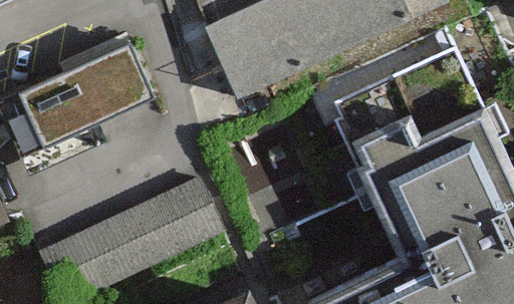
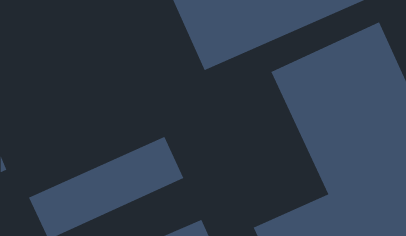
building: [20,47,152,144] -> none

